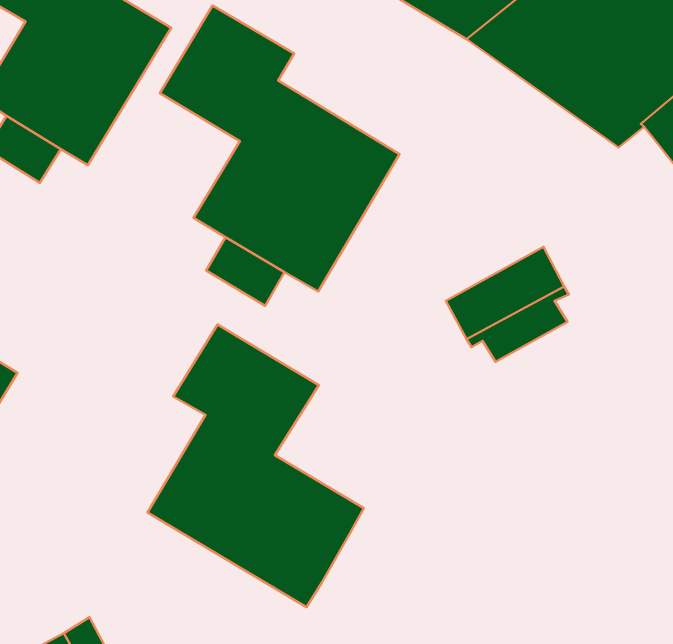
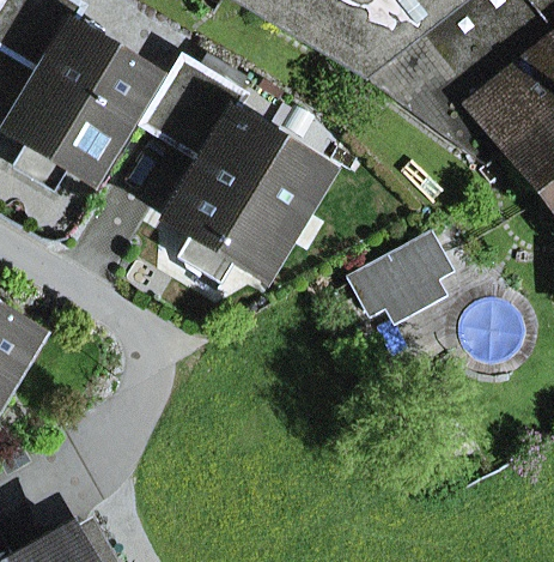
building: [147,325,364,607] -> none

